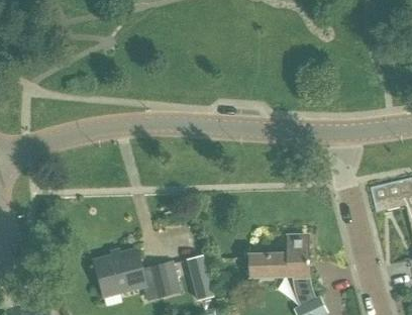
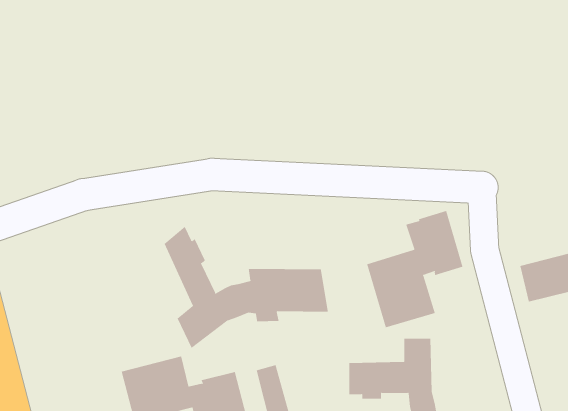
building: none -> [366,210,463,328]
building: none -> [164,226,329,349]

